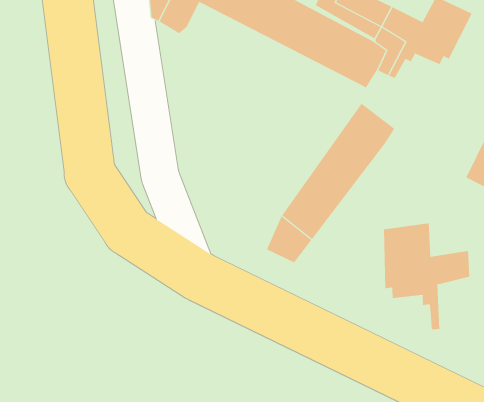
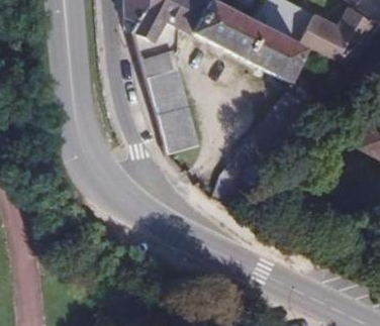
building: none -> [141,48,201,153]
building: [383,222,470,330] -> none

